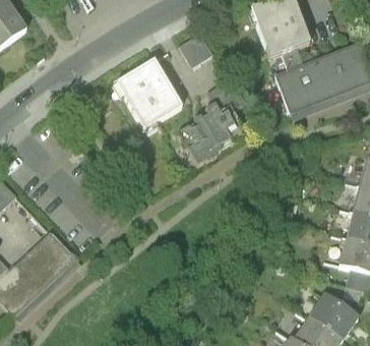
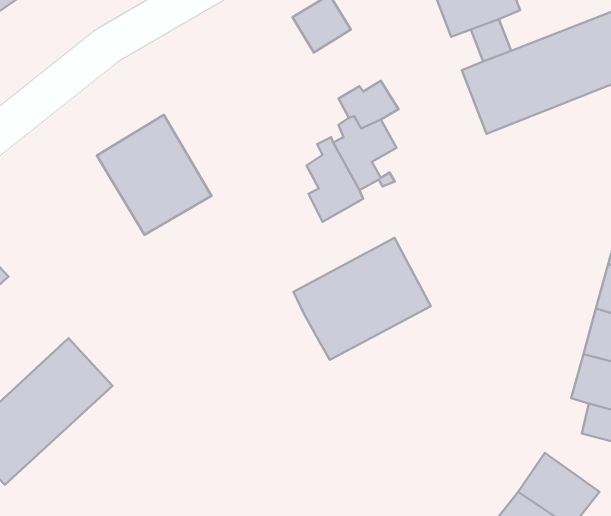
building: [117,59,183,128] -> [97,115,212,235]
building: none -> [293,238,431,360]

